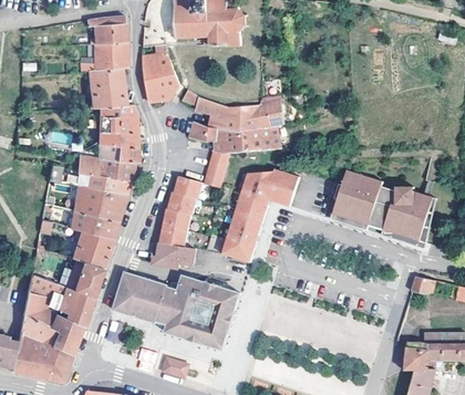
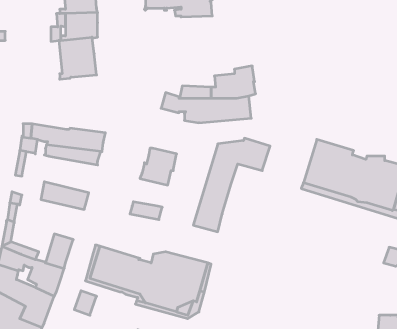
building: [142,53,179,101] -> none
building: [182,90,244,116] -> none
building: [95,104,137,162] -> none
building: [205,149,227,186] -> none
building: [73,185,126,221] -> none
building: [246,193,290,261] -> none
building: [162,207,196,236] -> none
building: [59,228,113,268] -> none
building: [157,242,195,267] -> none

